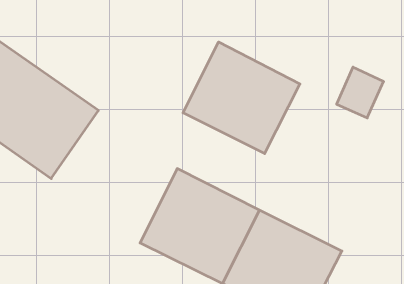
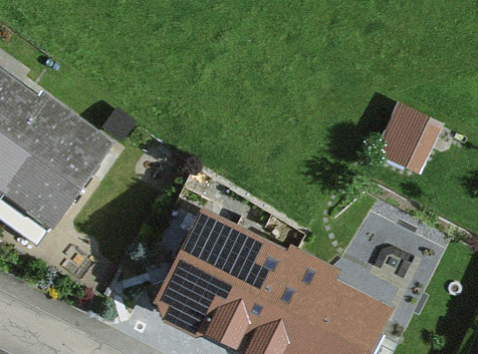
building: [183,42,300,154] -> none

